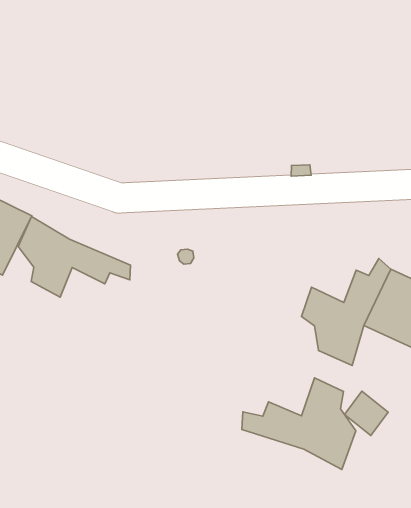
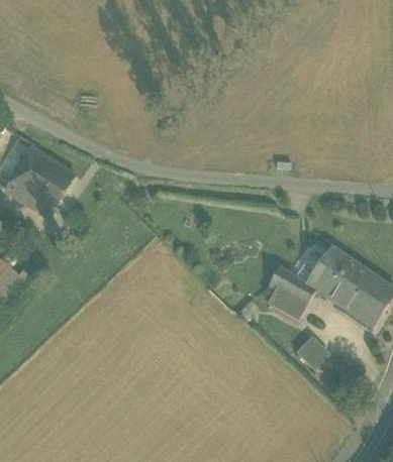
building: [18,217,131,297] -> none
building: [242,378,356,470] -> none

